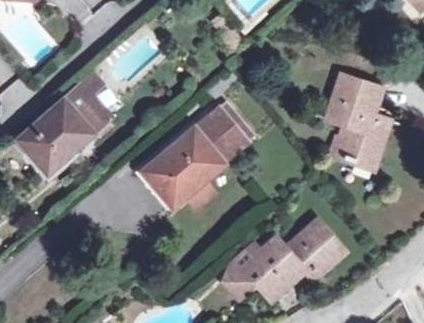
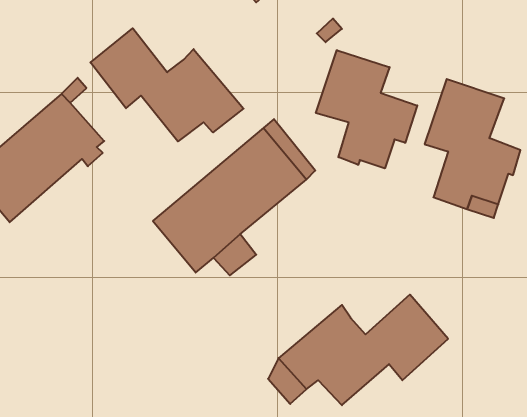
building: none -> [90,28,244,141]
building: none -> [316,50,417,168]

